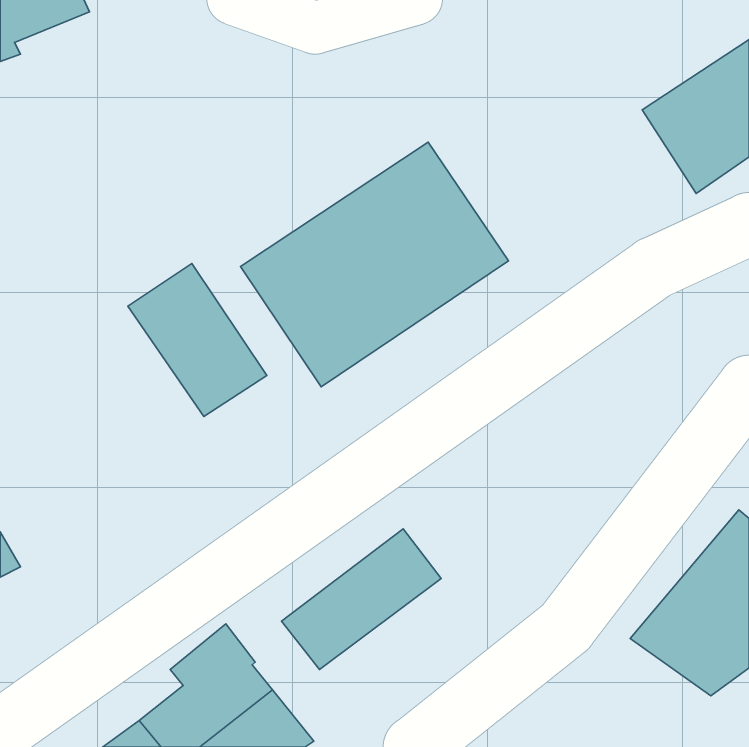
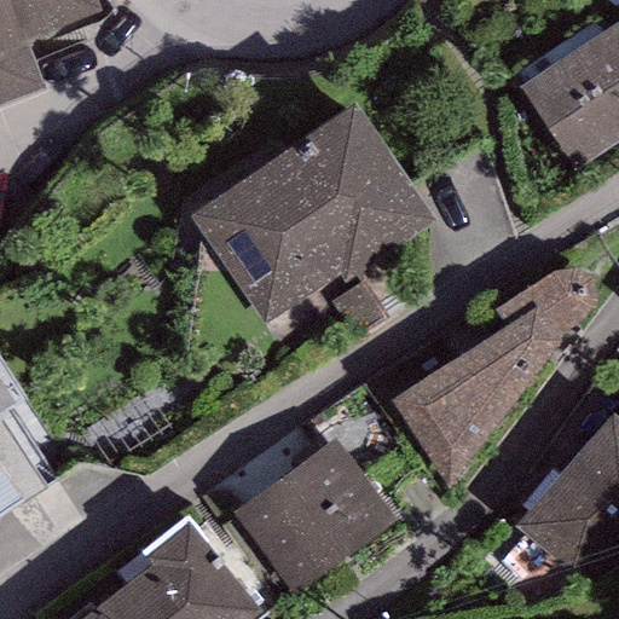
building: [128,264,267,417] -> none
building: none -> [397,284,579,469]
building: none -> [264,478,395,595]

